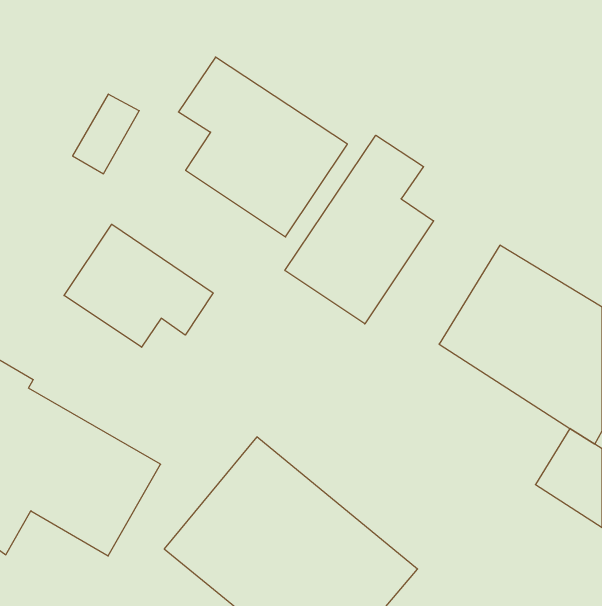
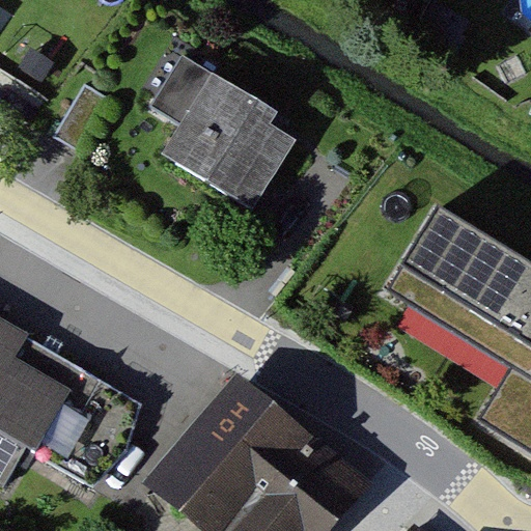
building: [285,135,434,324] -> none
building: [64,224,213,347] -> none

